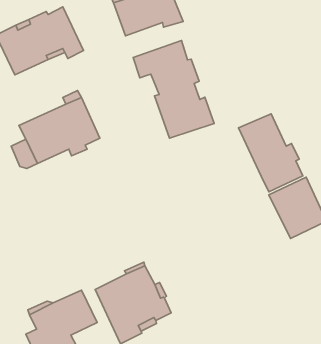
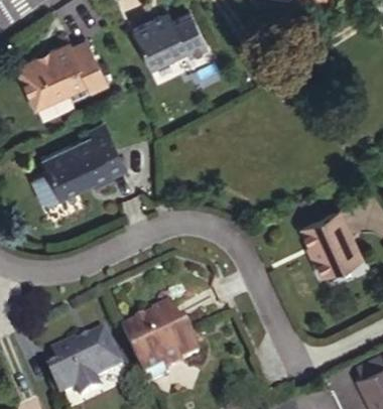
building: [133,41,214,138] -> none
building: [239,114,303,192] -> none

